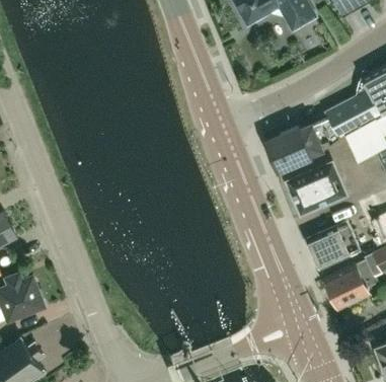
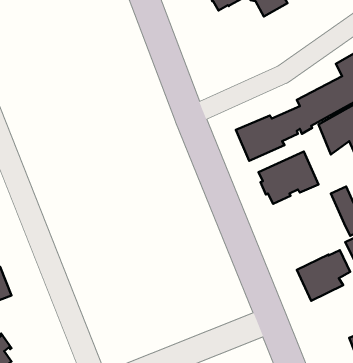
building: [305,222,360,271] -> none

